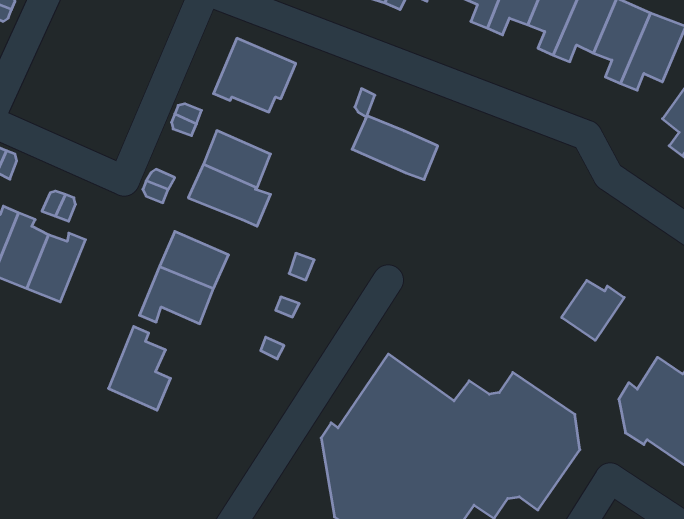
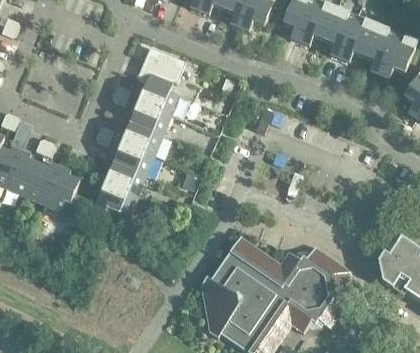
building: [352,116,438,180] -> [138,82,189,120]
building: none -> [113,142,153,176]
building: [562,280,624,340] -> none
building: [108,326,171,410] -> [45,167,82,217]

